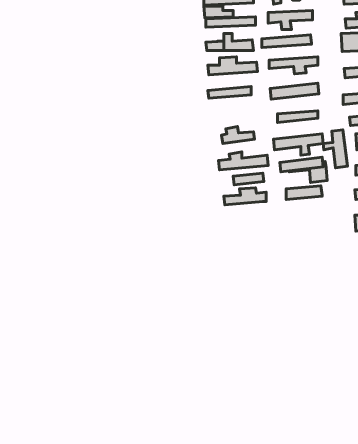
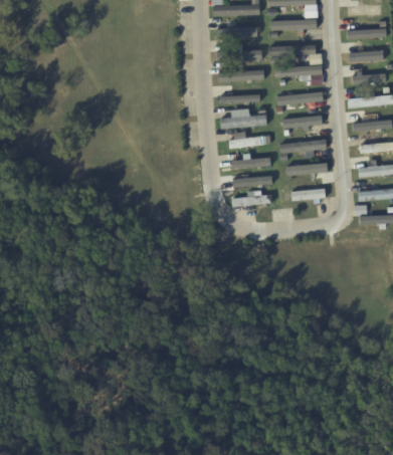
building: none -> [221,109,268,129]
building: [323,130,347,168] -> none

